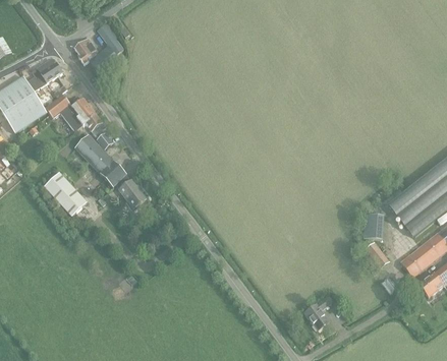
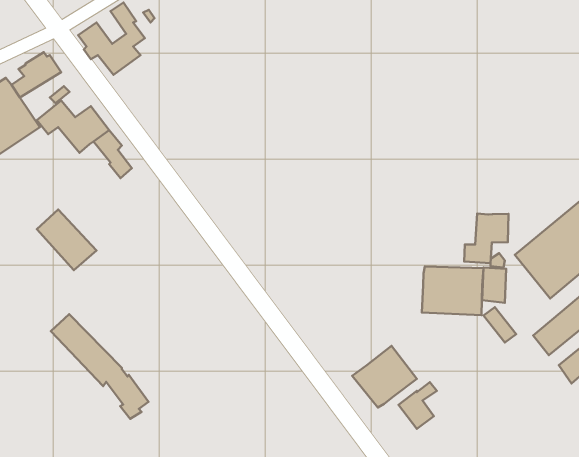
building: [75,134,146,209] -> [51,314,149,419]
building: none -> [464,213,509,263]
building: none -> [422,267,484,315]
building: none -> [352,346,417,408]

